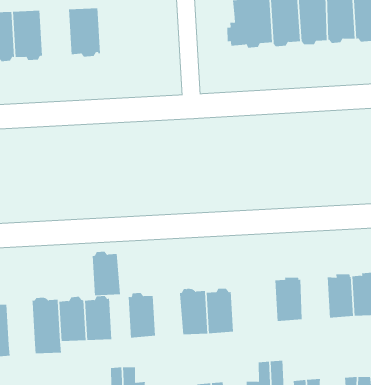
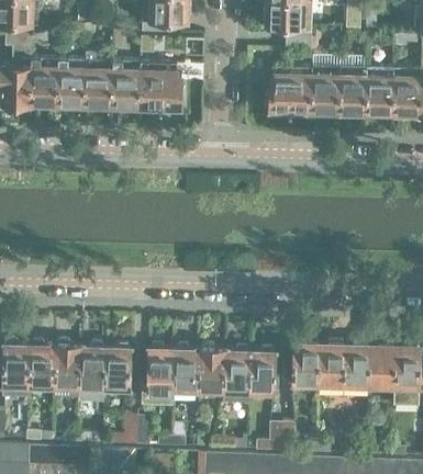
building: none -> [142,65,185,111]
building: none -> [85,63,113,112]
building: [92,251,121,296] -> [172,348,199,392]
building: none -> [318,345,345,387]
building: none -> [249,350,276,394]
building: none -> [29,345,54,388]

